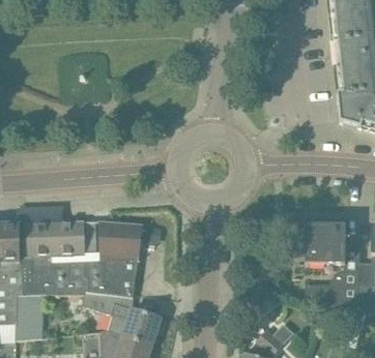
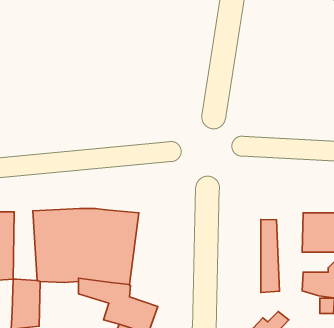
building: [17,222,40,292] -> none
building: none -> [261,220,280,292]

